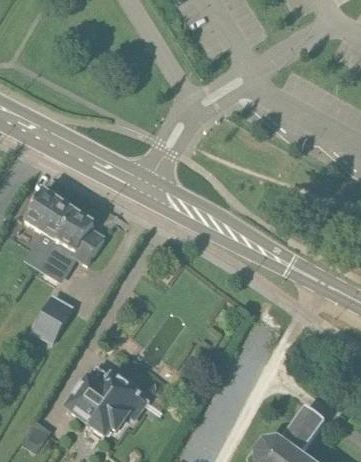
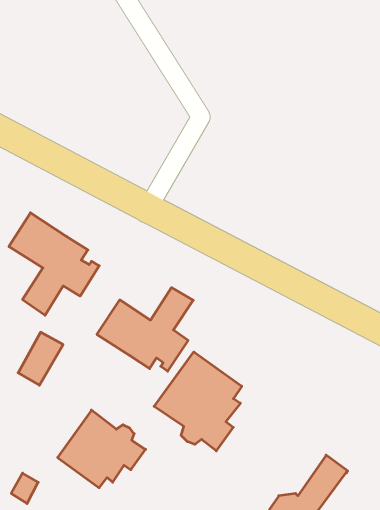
building: none -> [97,288,193,371]
building: none -> [154,352,242,451]

